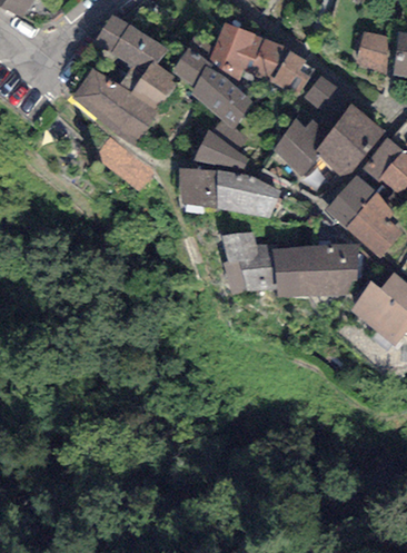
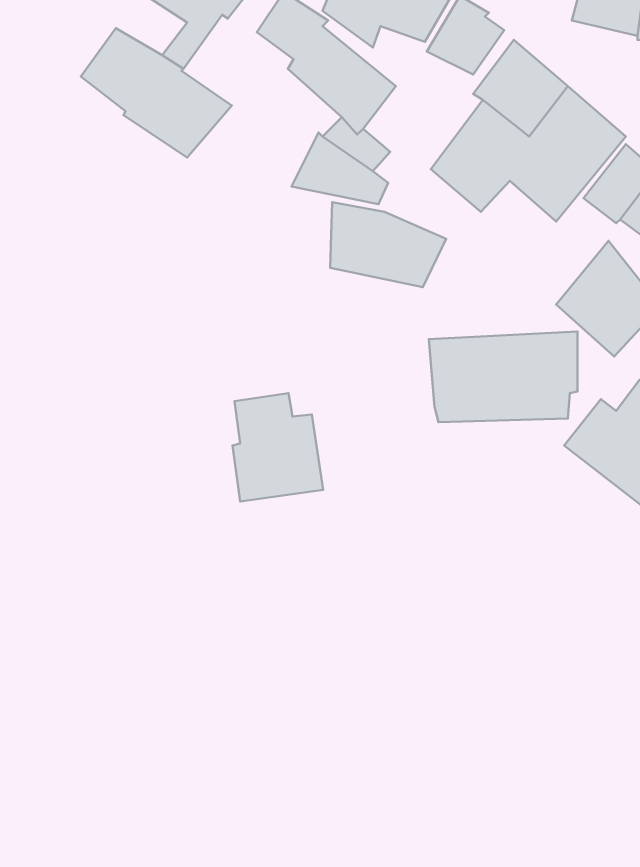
building: [130,61,179,111] -> none
building: [99,137,157,191] -> none
building: [180,169,217,207] -> none
building: [324,175,376,228] -> none
building: [221,231,274,294] -> [233,393,323,501]

